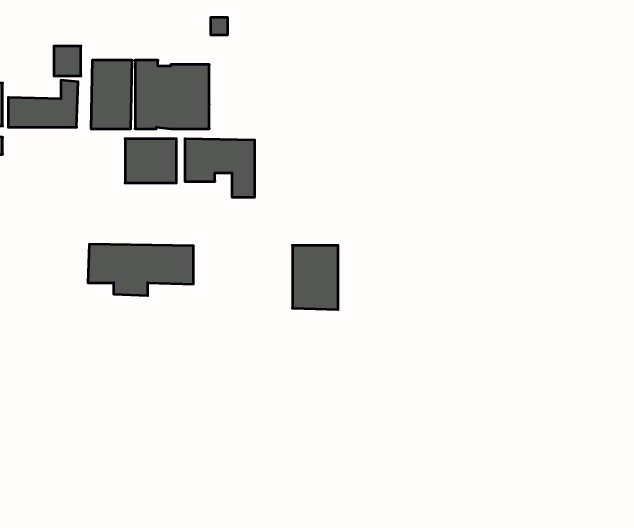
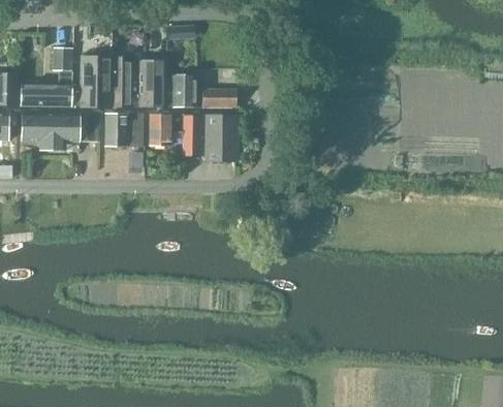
building: none -> [165,75,195,106]
building: none -> [200,89,234,107]
building: [88,244,193,296] -> [20,113,96,150]
building: [292,245,338,310] -> [203,115,237,161]

